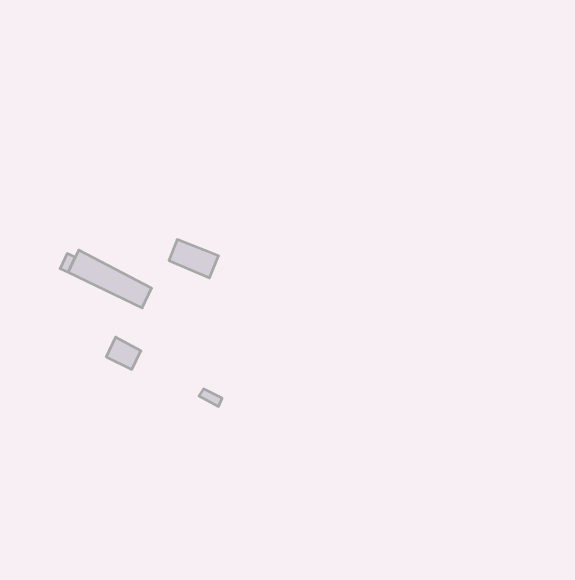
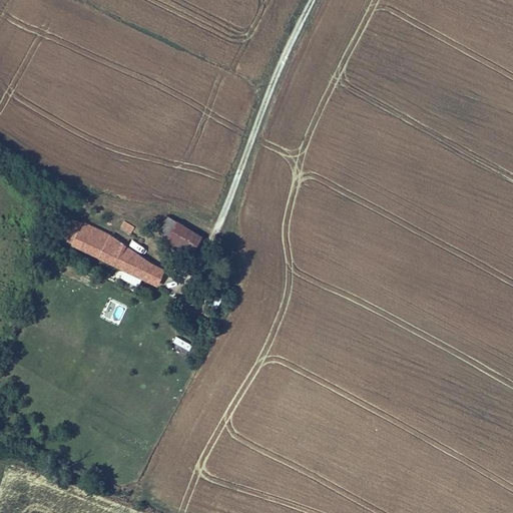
building: [106,337,141,369] -> [137,260,167,288]

